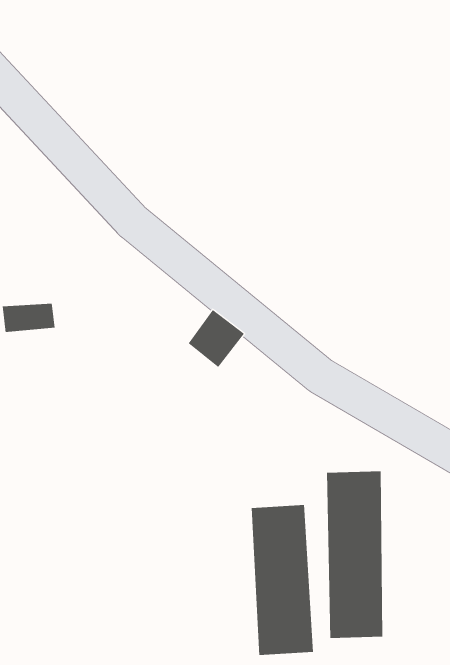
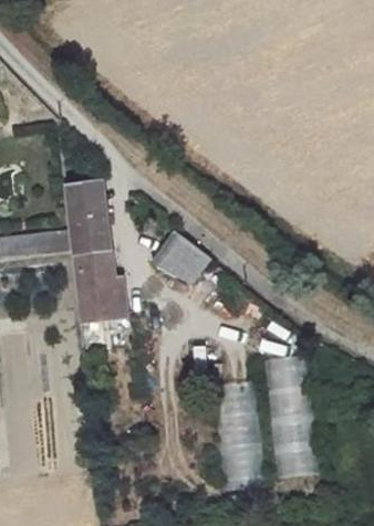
building: none -> [67,181,124,320]

